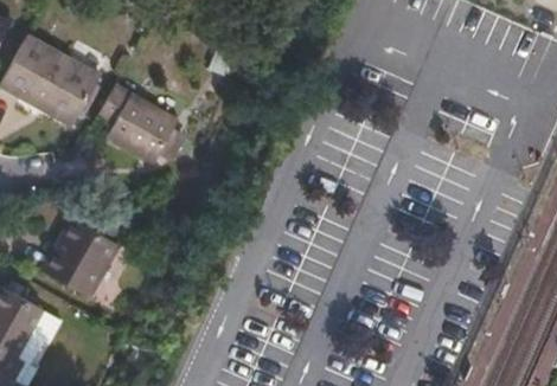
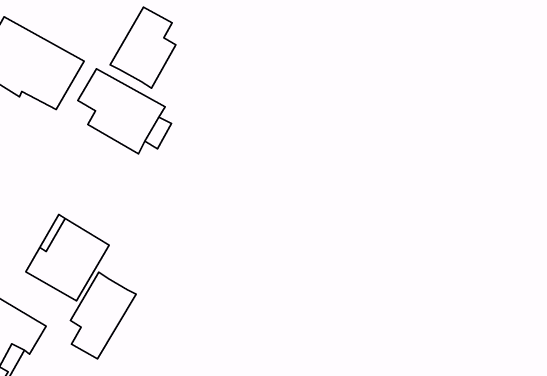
building: none -> [110,7,176,88]
building: none -> [70,272,136,359]

